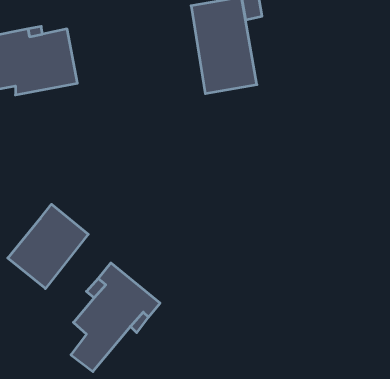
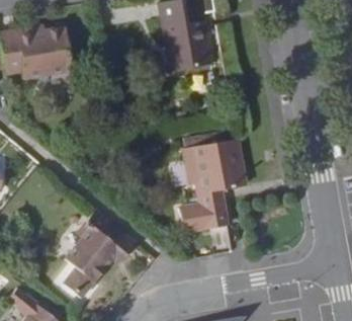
building: none -> [179,137,246,232]
building: [8,204,88,289] -> none

